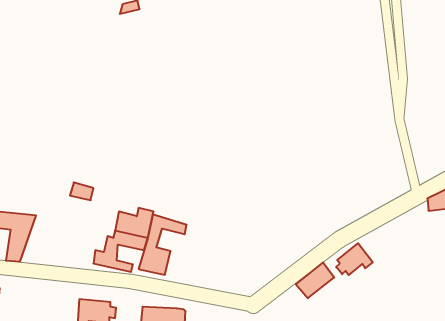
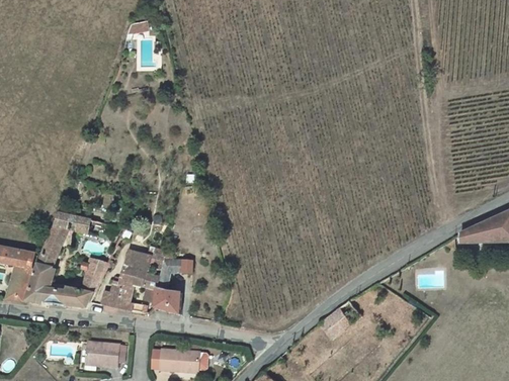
building: none -> [28,209,108,308]
building: [336,243,373,275] -> none

